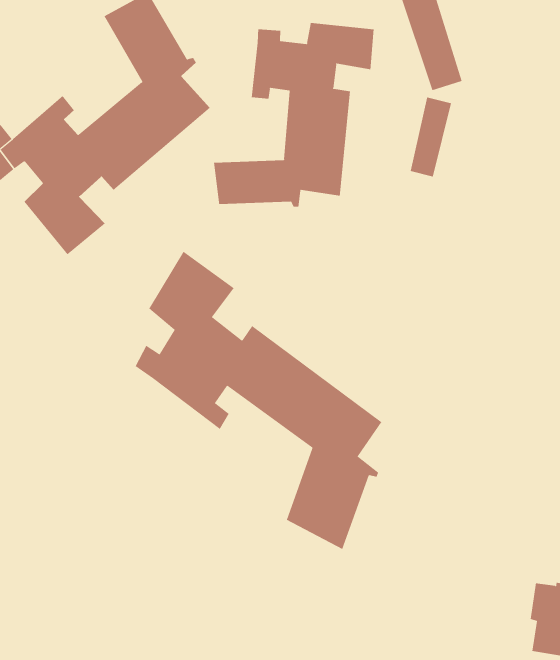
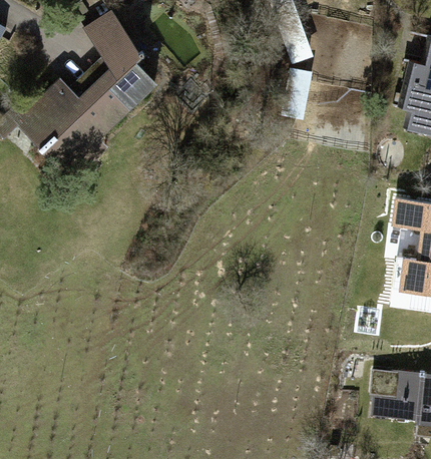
building: [213,22,374,207] -> none
building: [135,251,382,550] -> none

